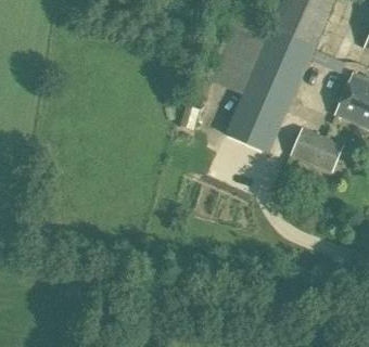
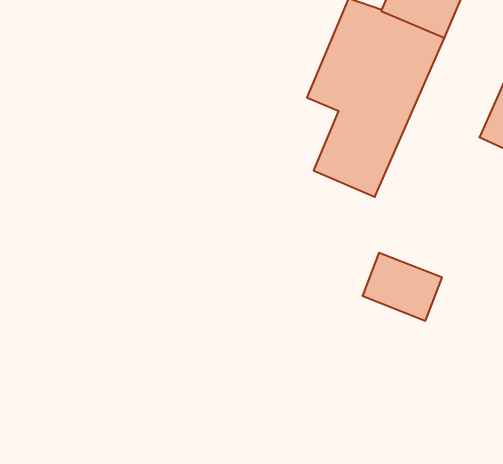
building: [291,127,343,171] -> [362,253,442,321]

